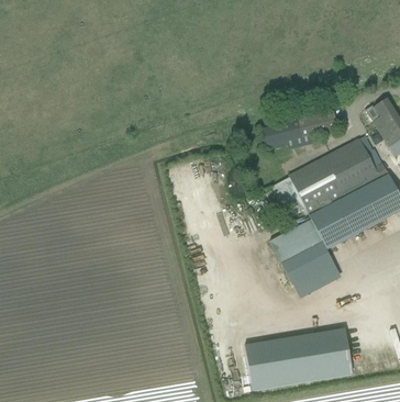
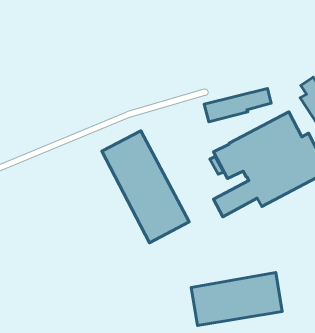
building: none -> [102,131,189,243]
building: [281,243,340,297] -> none

